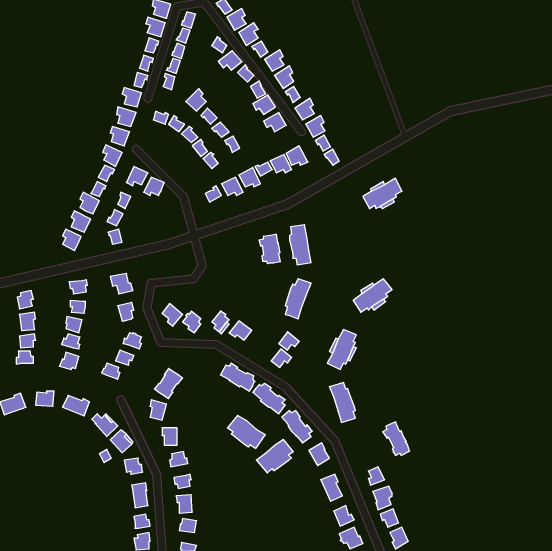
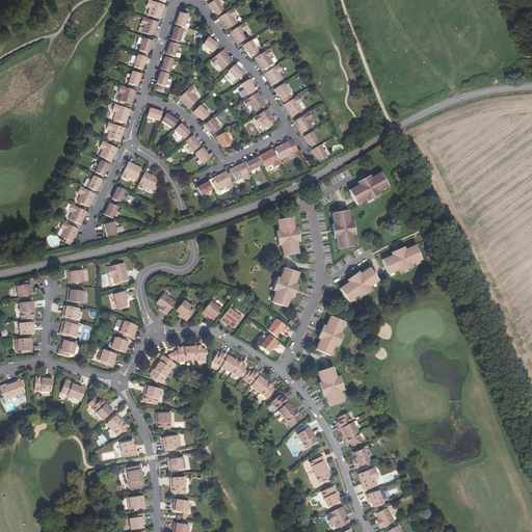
building: none -> [332,211,353,248]
building: [259,234,280,264] -> none
building: none -> [381,245,420,272]
building: none -> [174,344,206,362]
building: [228,415,265,448] -> none
building: [383,422,410,455] -> [336,414,362,446]
building: [256,439,293,473] -> none

